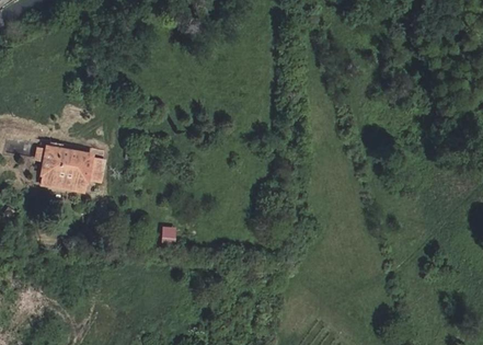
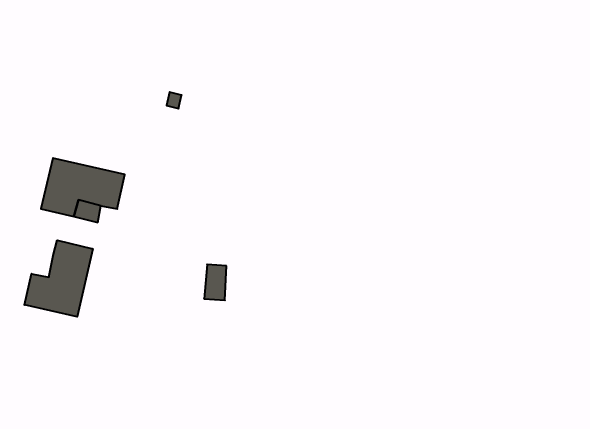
building: none -> [24,240,93,317]

